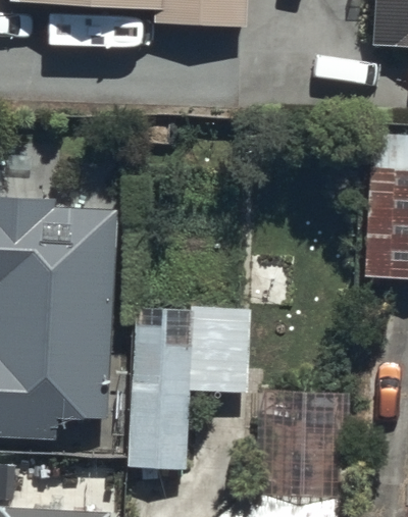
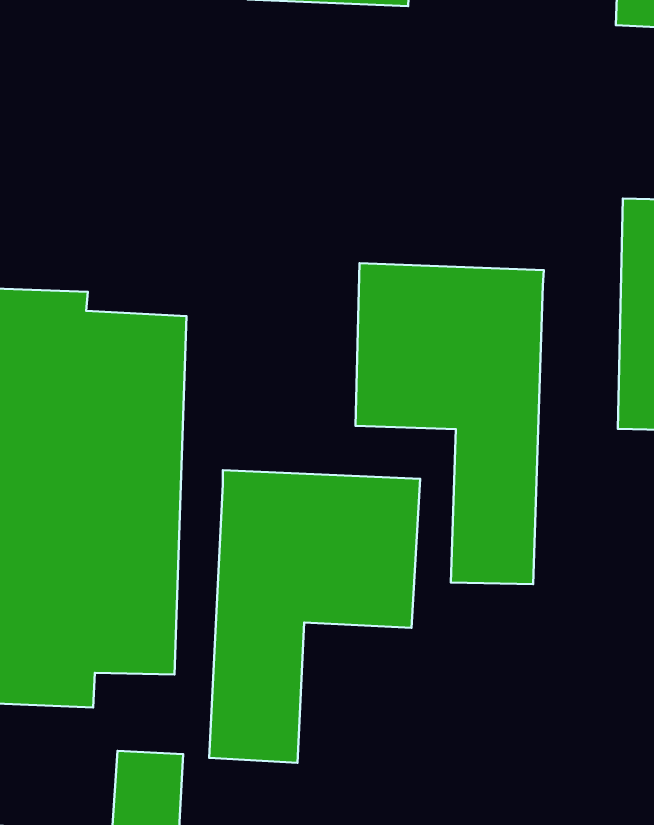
building: none -> [355,263,544,584]

